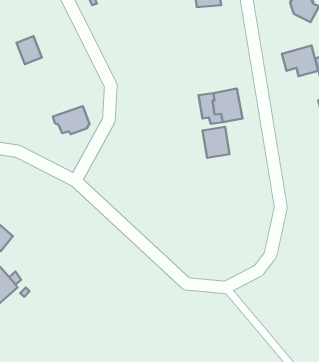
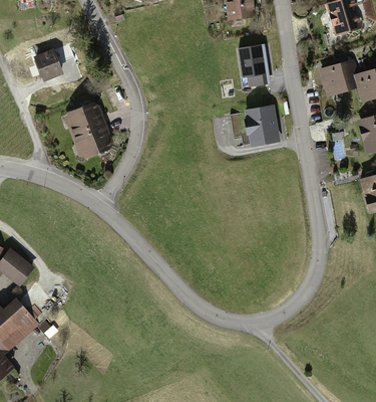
building: none -> [239,44,270,87]
building: none -> [68,104,105,137]
building: [203,127,230,158] -> none

